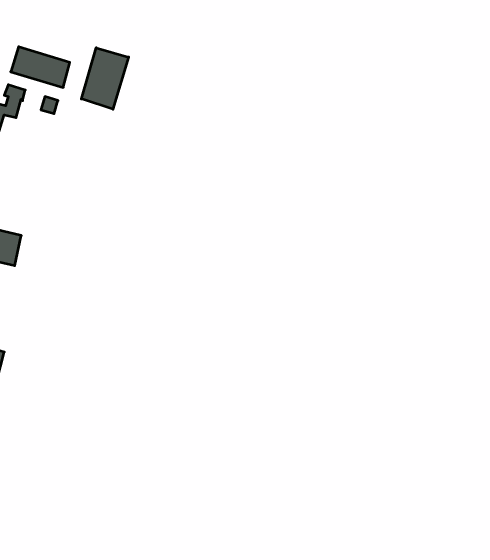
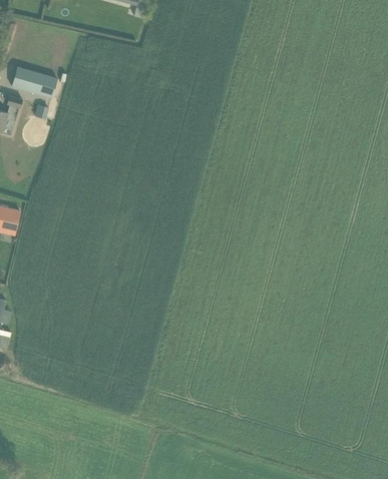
building: [81,48,129,109] -> none

